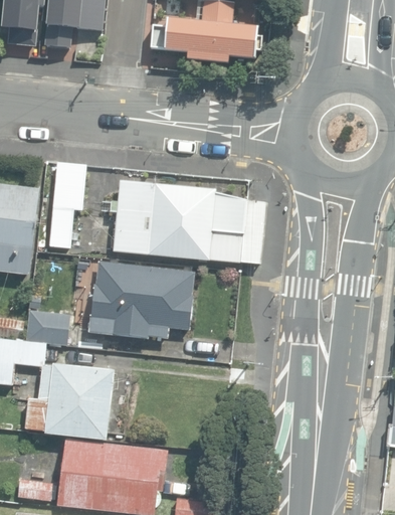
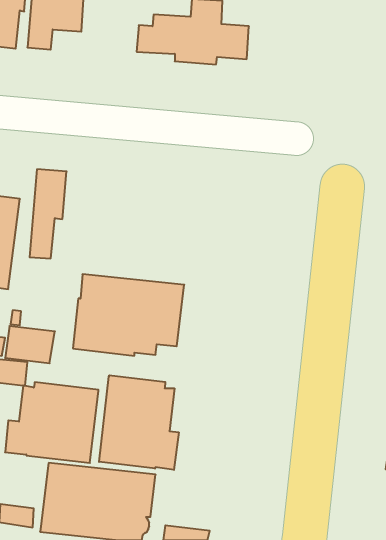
building: [111,181,265,264] -> none
building: none -> [99,375,179,470]

